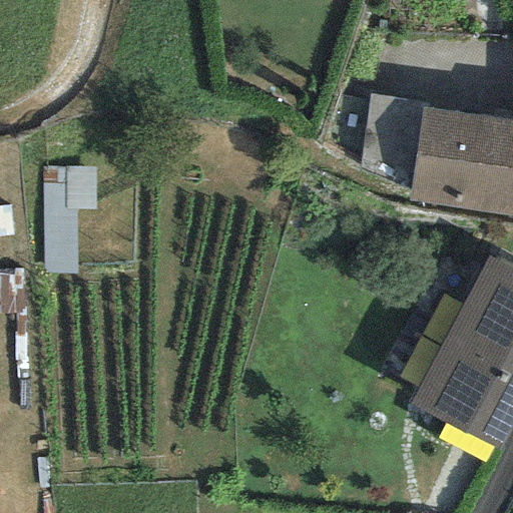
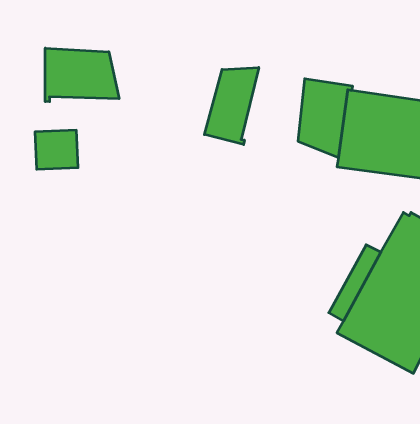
building: none -> [45,48,119,102]
building: none -> [204,67,259,145]

